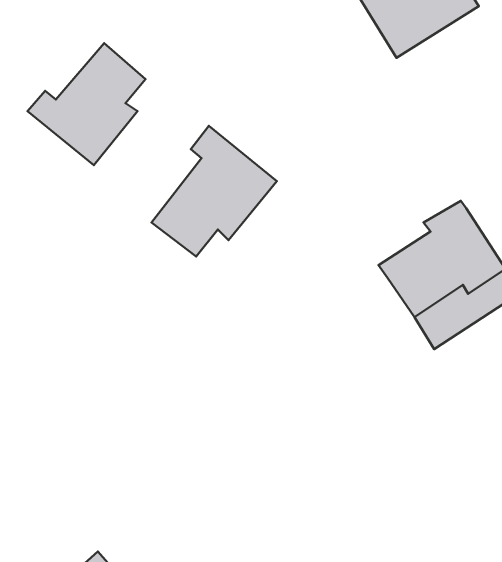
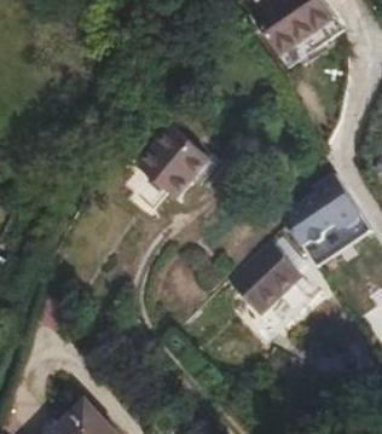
building: [28,43,145,165] -> none
building: none -> [231,242,311,341]

